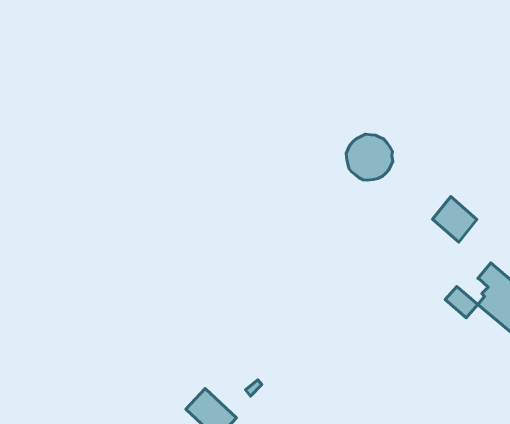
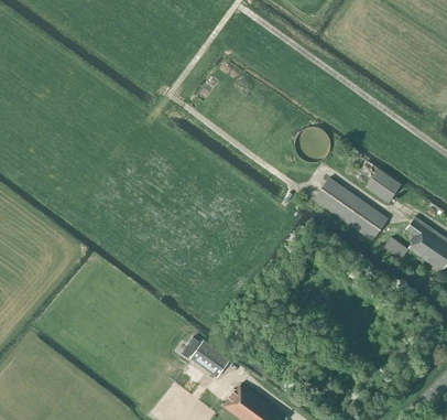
building: none -> [314,179,388,240]

